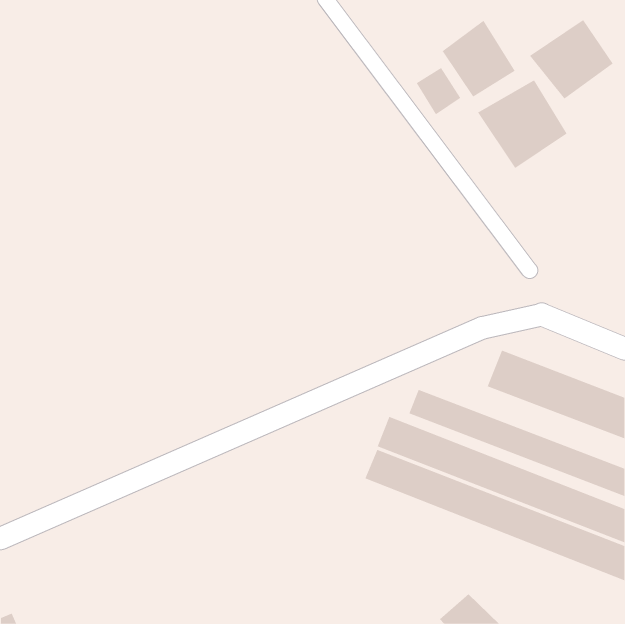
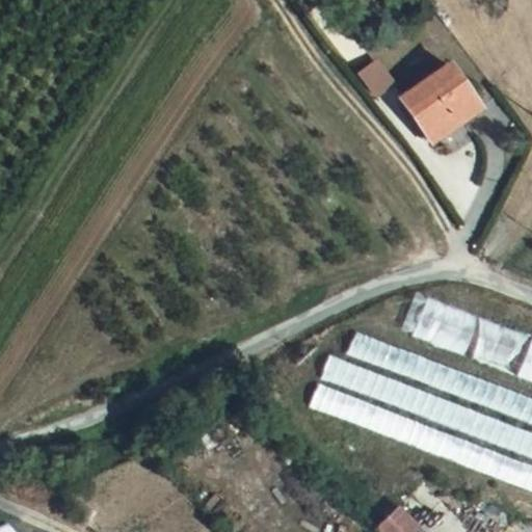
building: [529,19,613,100] -> none
building: [442,20,515,97] -> none

